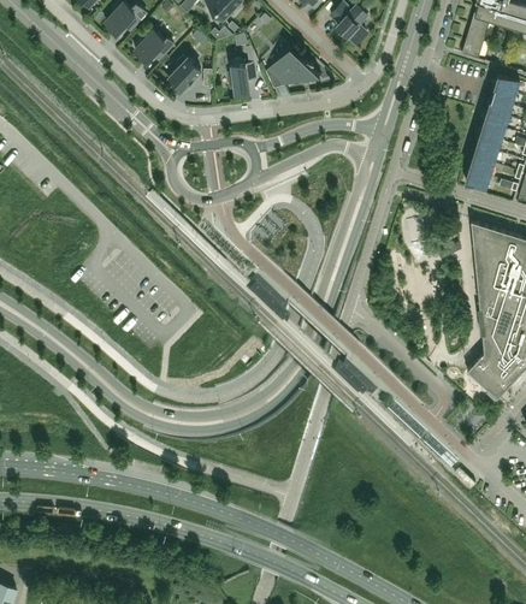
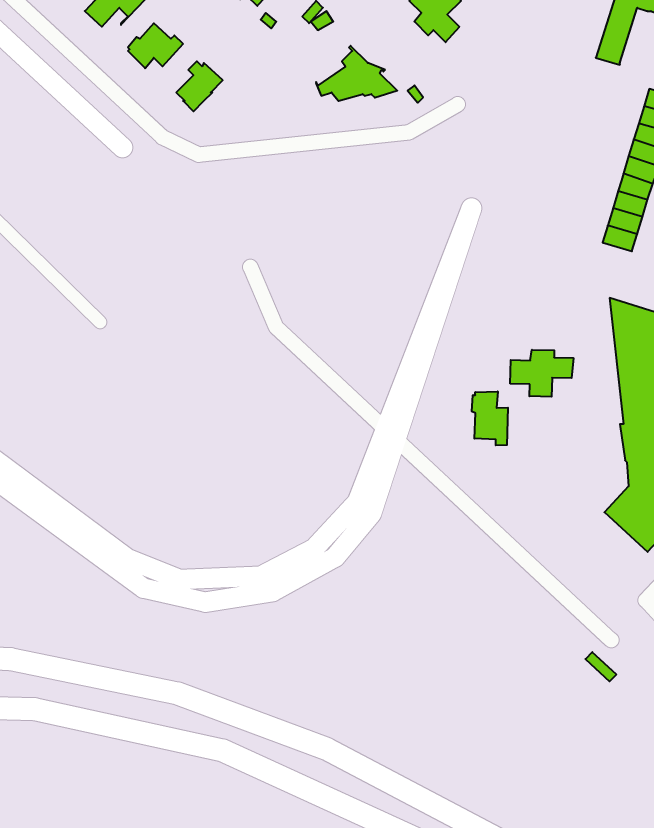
building: [227,61,255,94] -> none
building: none -> [510,350,573,397]
building: none -> [472,391,508,445]

